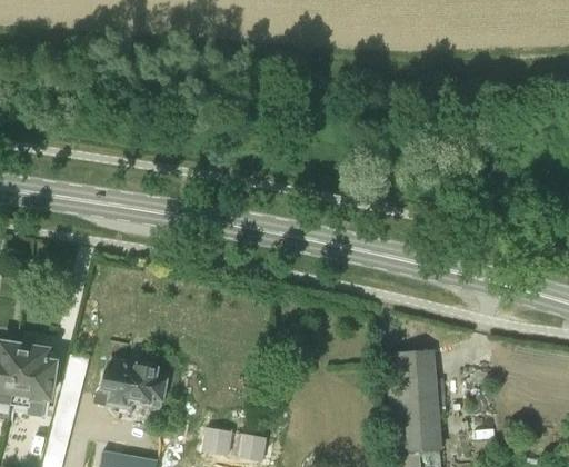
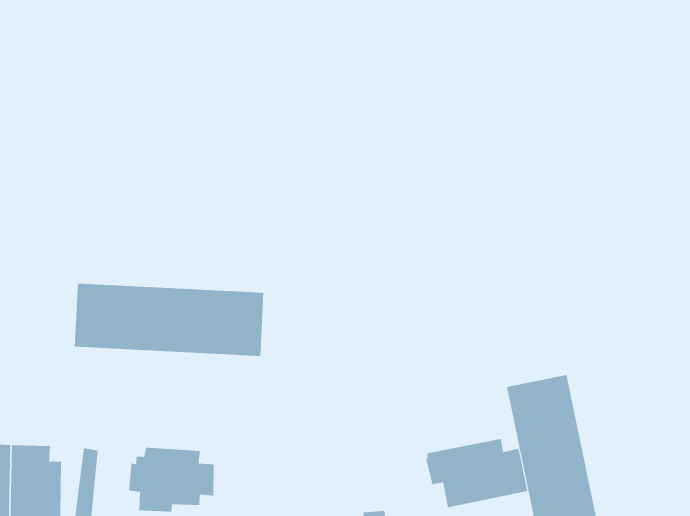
building: none -> [74,283,264,357]
building: none -> [426,438,528,508]

